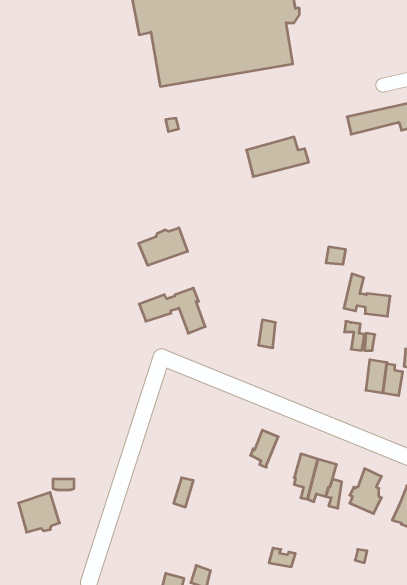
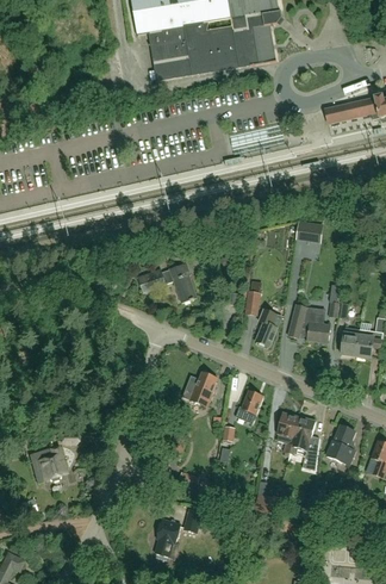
building: [139,228,188,265] -> none
building: [344,274,390,316] -> [288,304,330,342]
building: none -> [255,309,281,347]
building: none -> [185,371,217,406]

